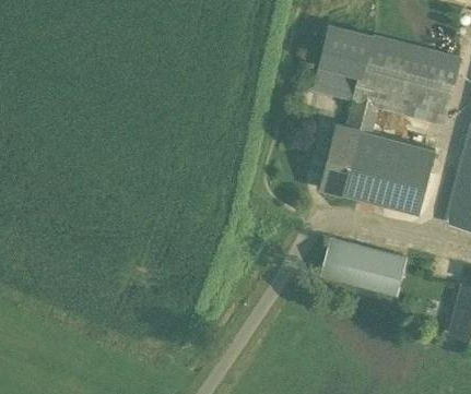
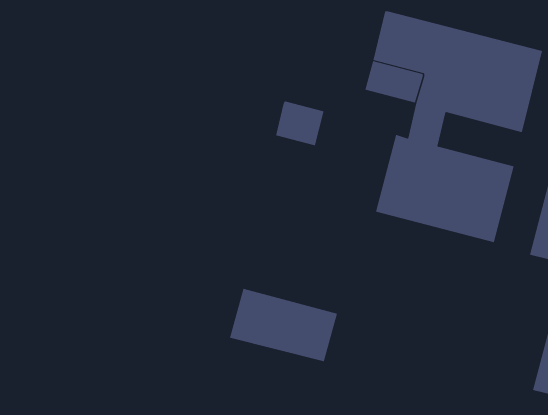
building: none -> [275,100,324,146]
building: [319,238,408,298] -> [229,288,338,362]

